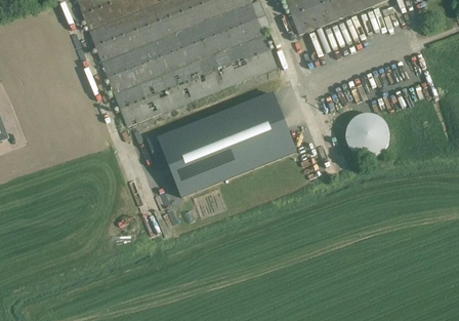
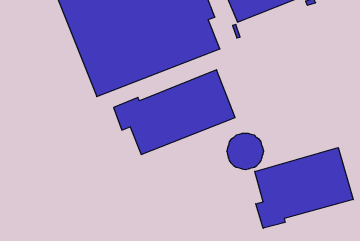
building: [345,114,390,158] -> [227,134,264,170]
building: none -> [255,148,353,228]

